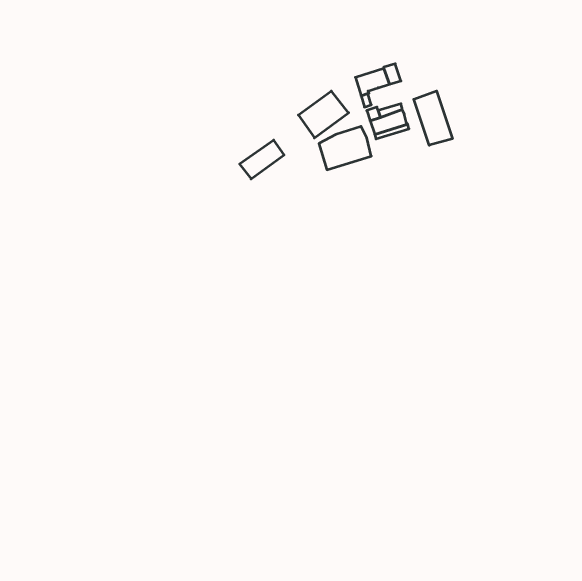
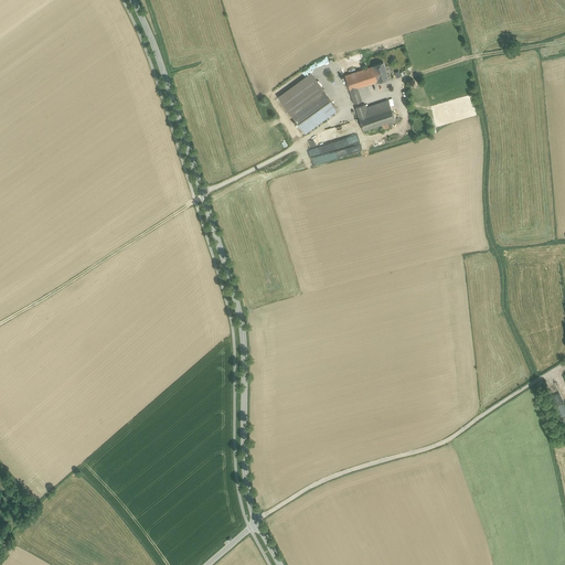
building: [414,91,452,145] -> none
building: [240,140,284,179] -> [278,75,321,113]

